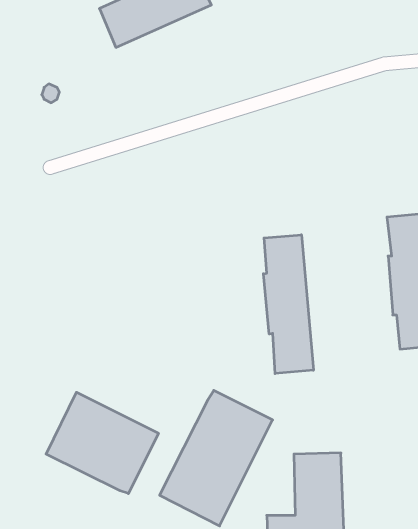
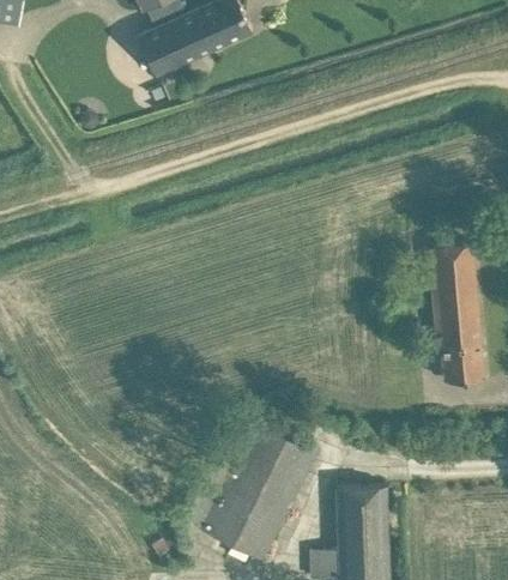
building: [263,235,313,374] -> none
building: [46,392,158,494] -> none

